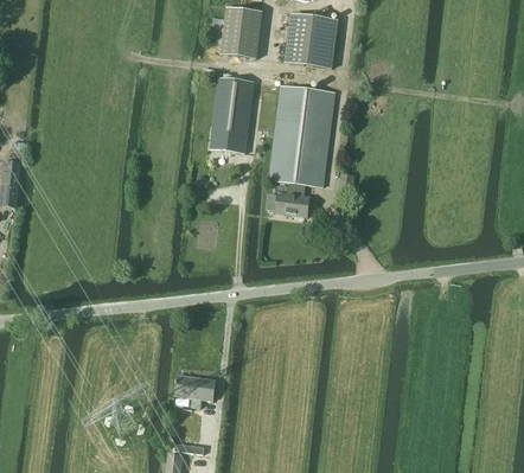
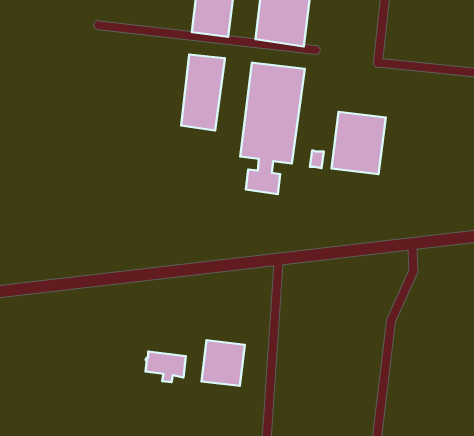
building: none -> [331,112,386,174]
building: none -> [201,340,245,386]

